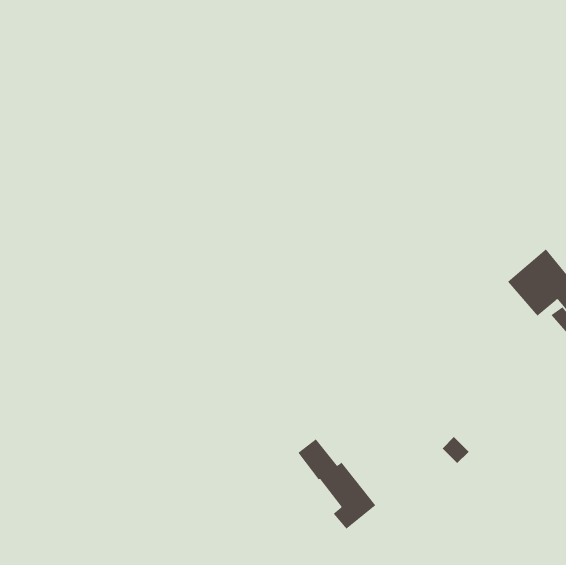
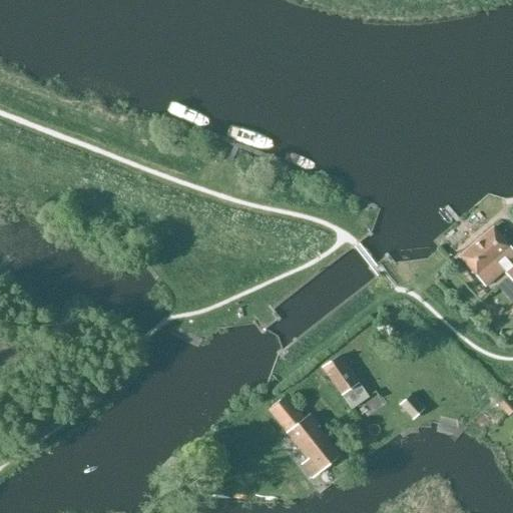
building: none -> [323,354,370,408]

